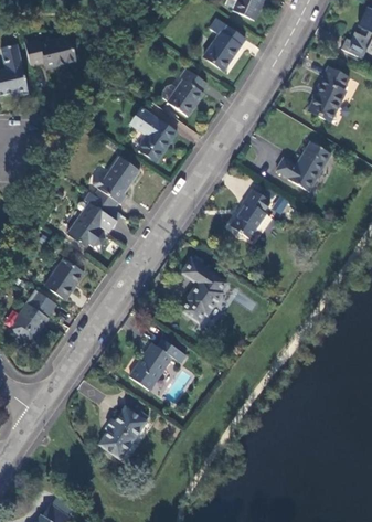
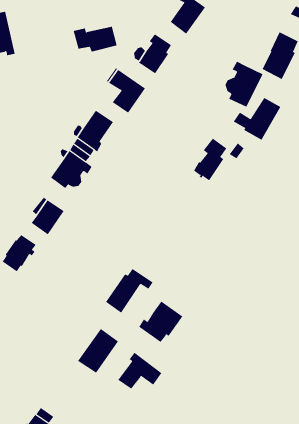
building: [25,38,76,67] -> [73,26,117,52]
building: none -> [225,61,263,108]
building: [181,257,226,321] -> none
building: none -> [138,300,183,343]
building: none -> [118,352,162,389]

